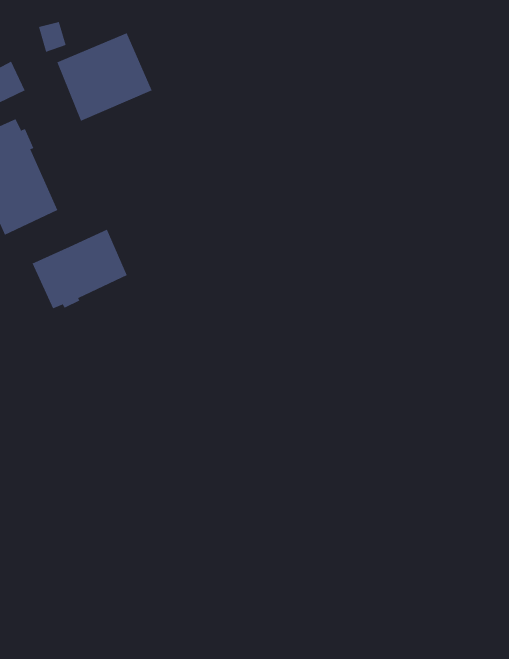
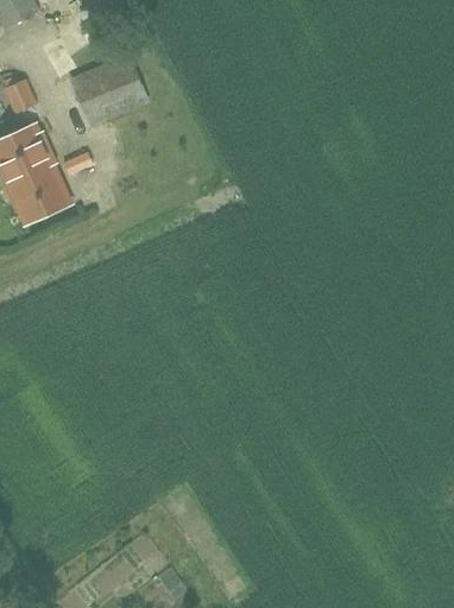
building: [32,229,128,309] -> none

